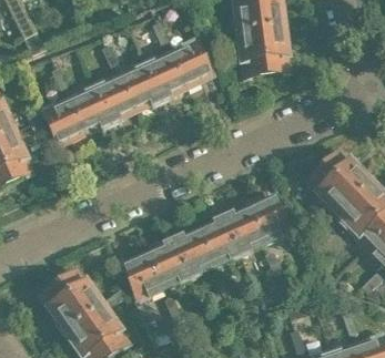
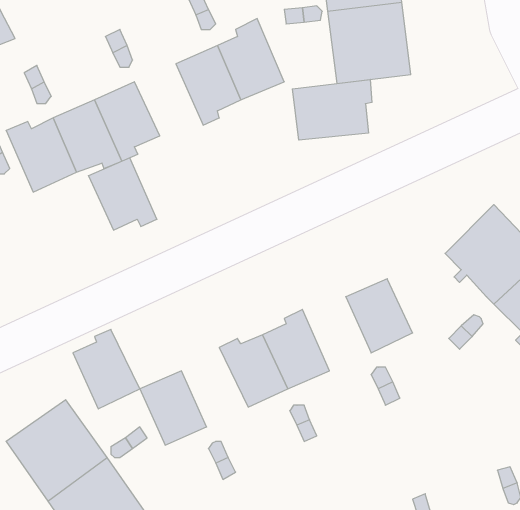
building: [119,63,161,108] -> [88,158,157,230]
building: none -> [292,79,372,140]
building: [222,206,264,252] -> none
building: [148,237,189,286] -> [73,329,140,409]

